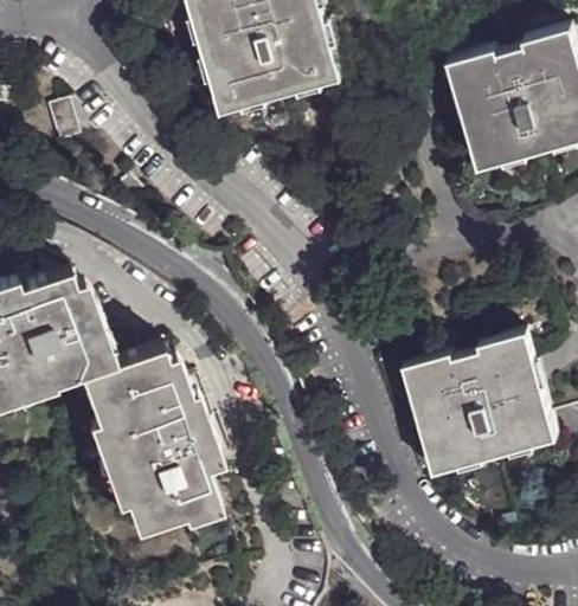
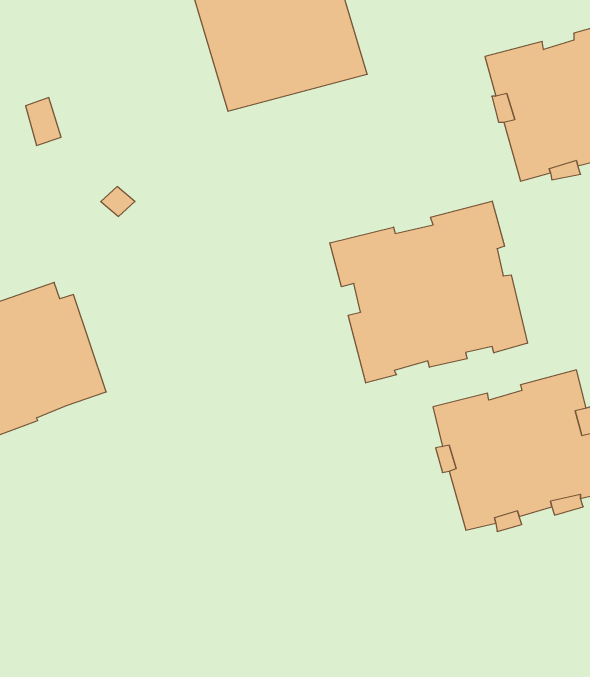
building: none -> [330,201,527,383]
building: [82,339,223,524] -> none

